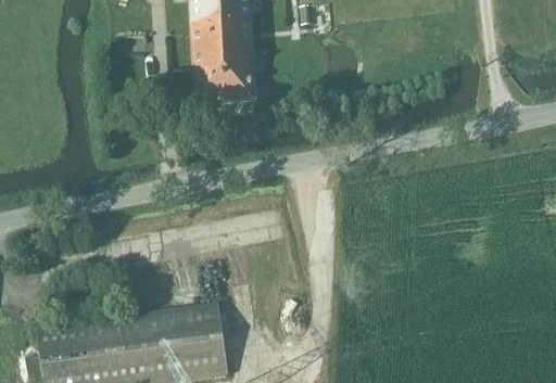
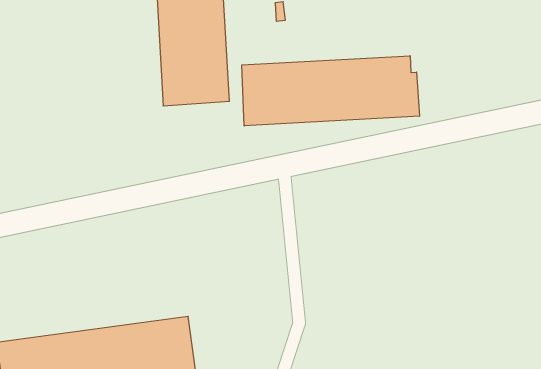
building: none -> [242,56,419,126]

